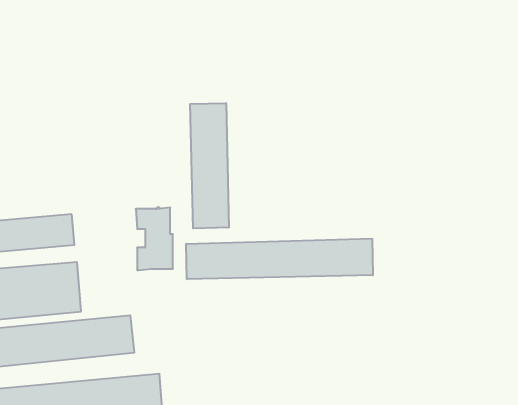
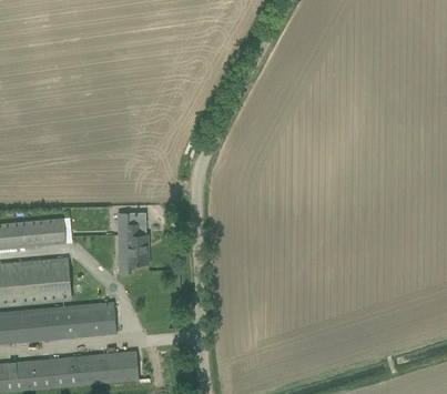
building: [190,103,229,228] -> none
building: [186,239,373,279] -> none

